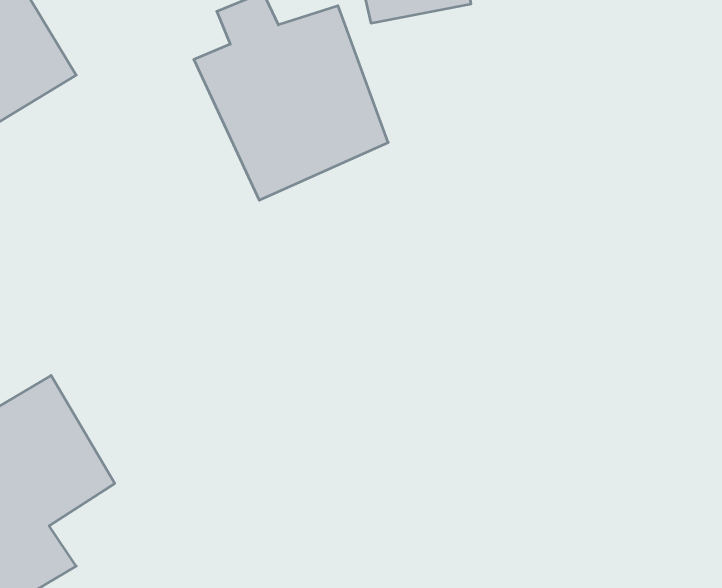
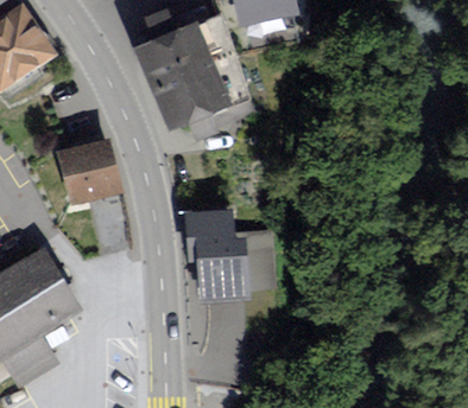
building: none -> [56,144,119,205]
building: none -> [182,205,271,297]

